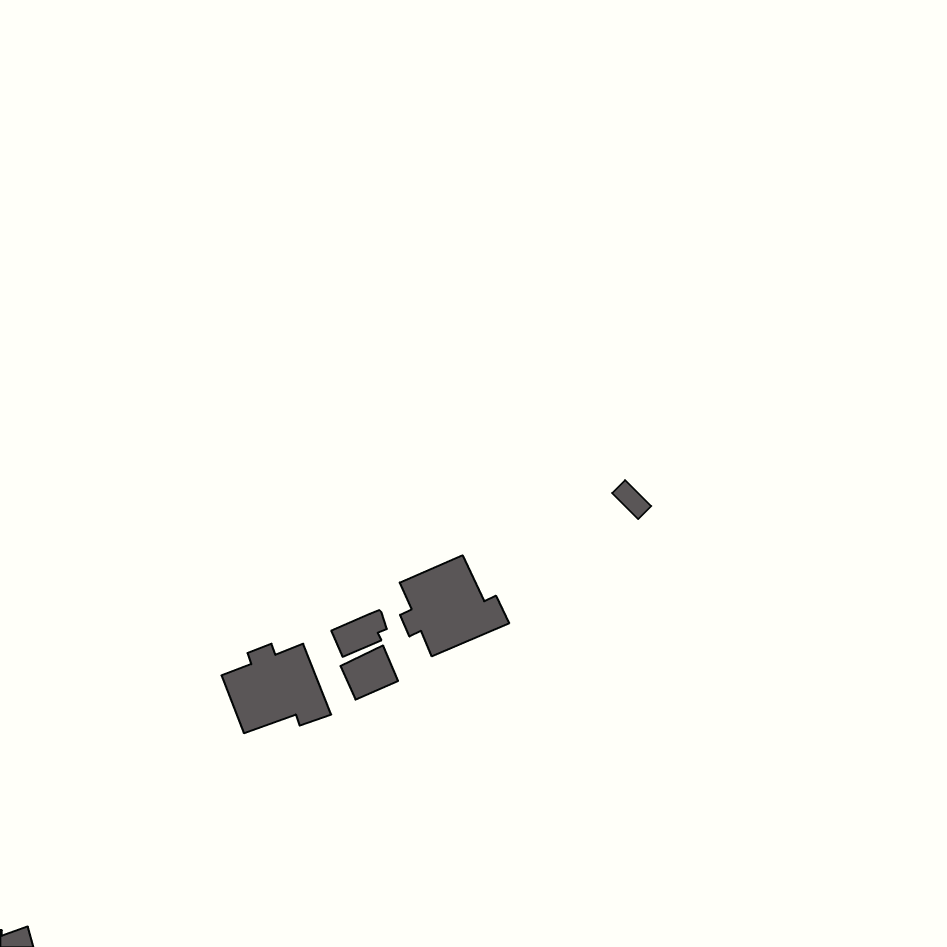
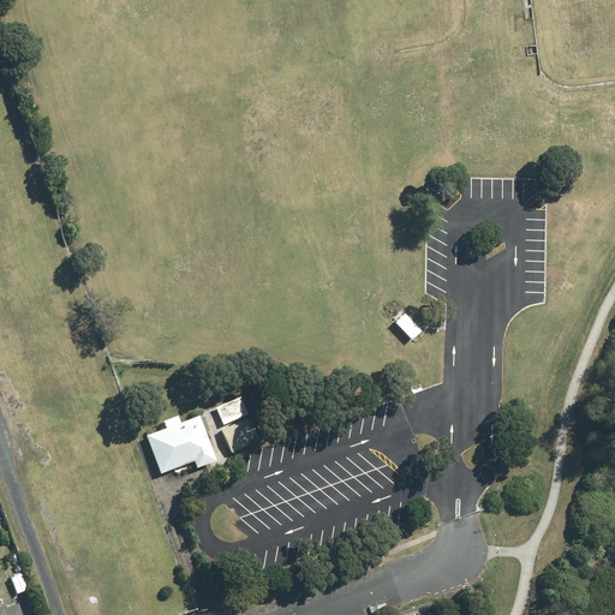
building: [400,555,509,656] -> none

